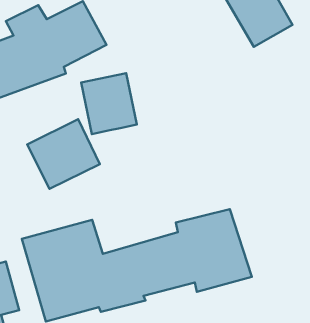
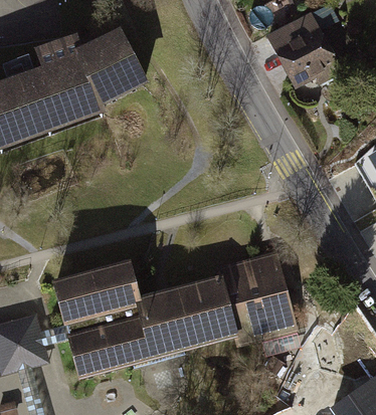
building: [81,73,137,134] -> none
building: [27,119,100,189] -> none

